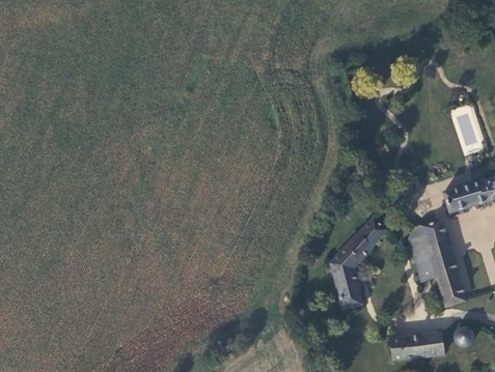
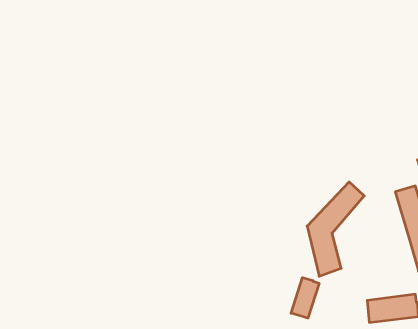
building: [410,225,437,280] -> none
building: none -> [291,278,319,318]

